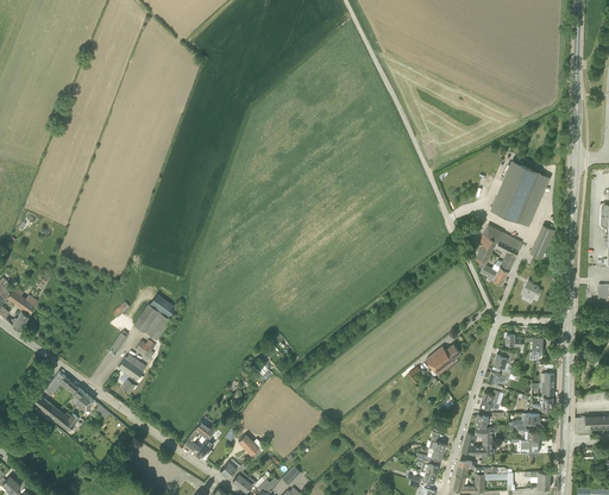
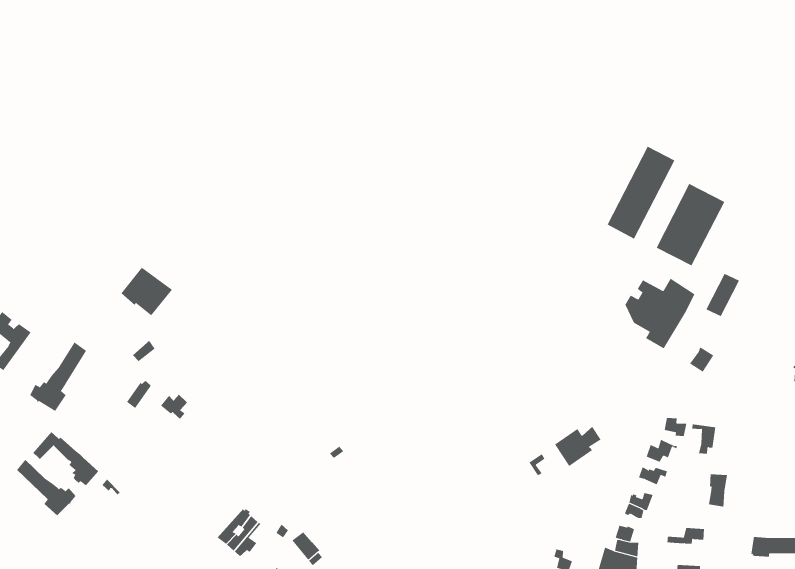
building: none -> [607,146,675,239]
building: [133,305,171,340] -> [121,267,173,316]
building: none -> [29,341,87,412]
building: [118,355,146,394] -> none

